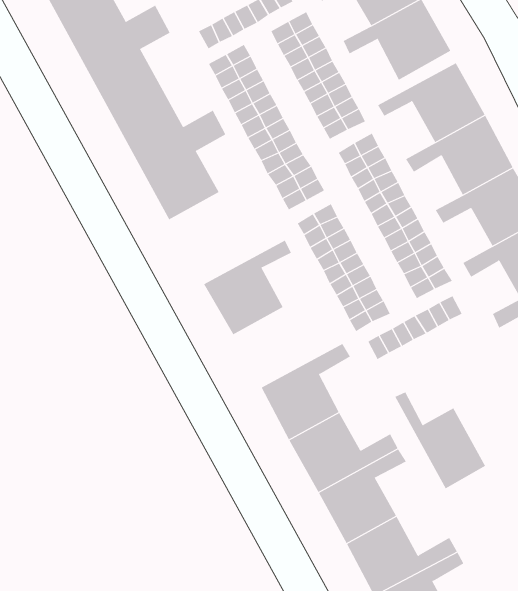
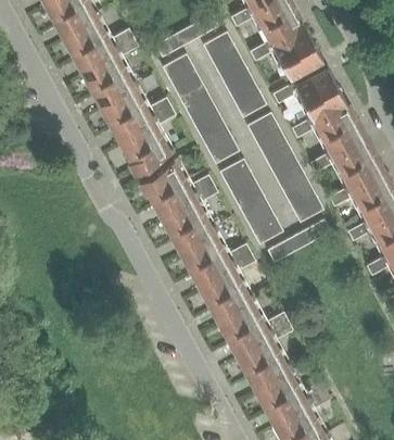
building: none -> [139,160,212,213]
building: none -> [177,228,250,281]
building: [395,391,486,489] -> none

